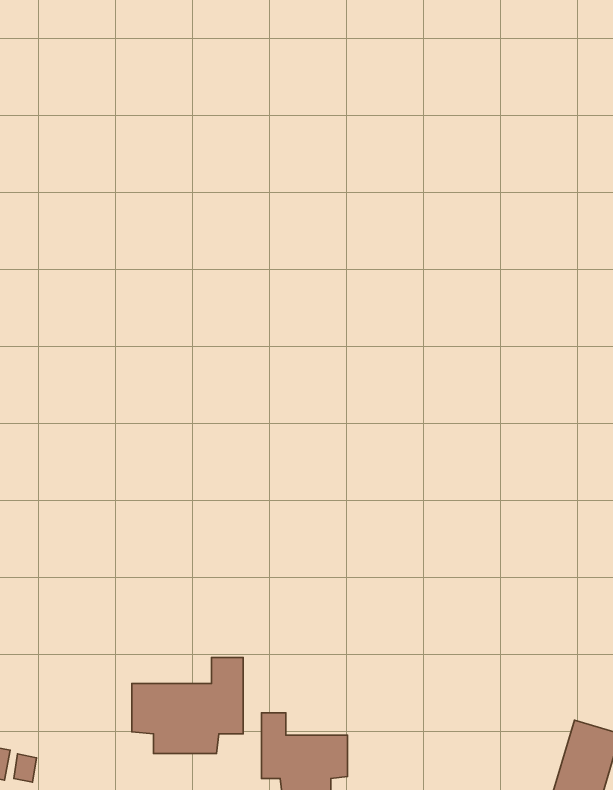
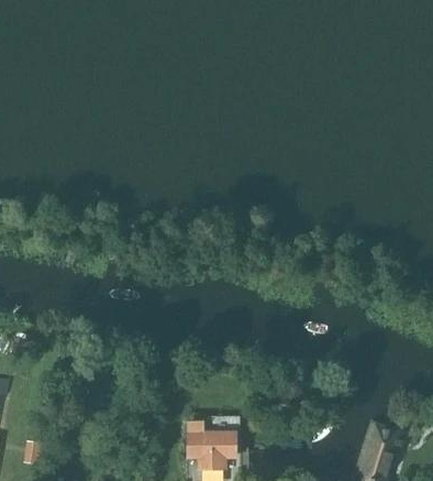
building: [132,657,243,754] -> none

